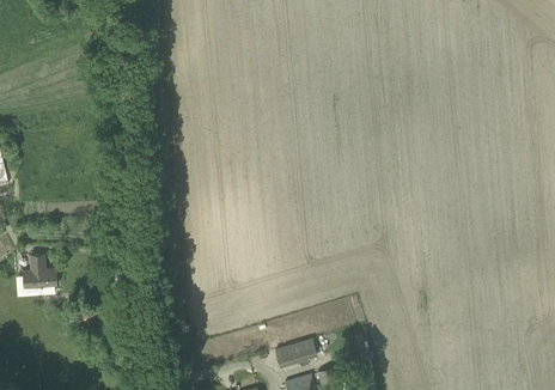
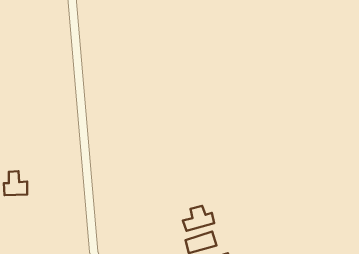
building: none -> [183,206,214,231]

